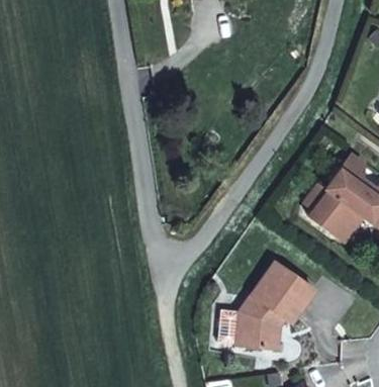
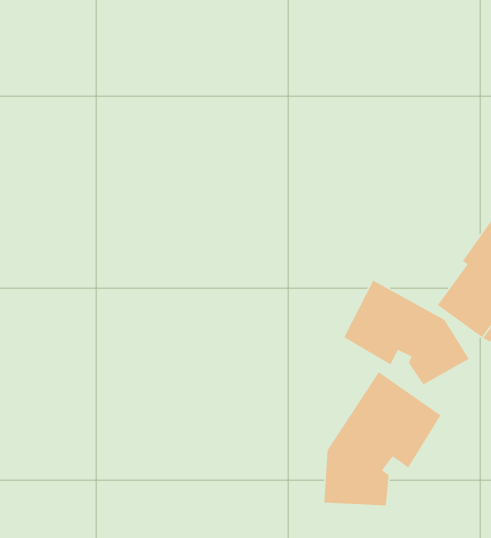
building: none -> [343,280,470,386]

